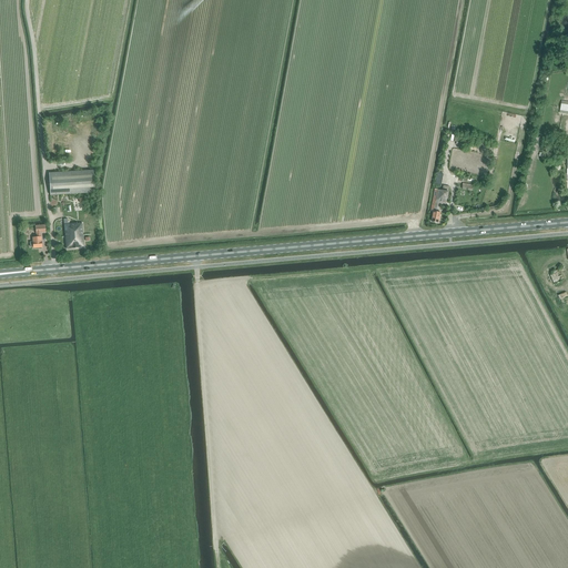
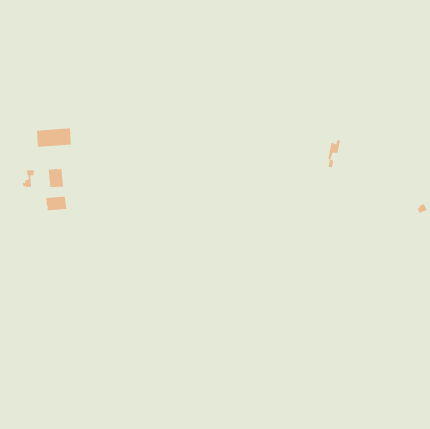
building: none -> [44,196,67,211]

